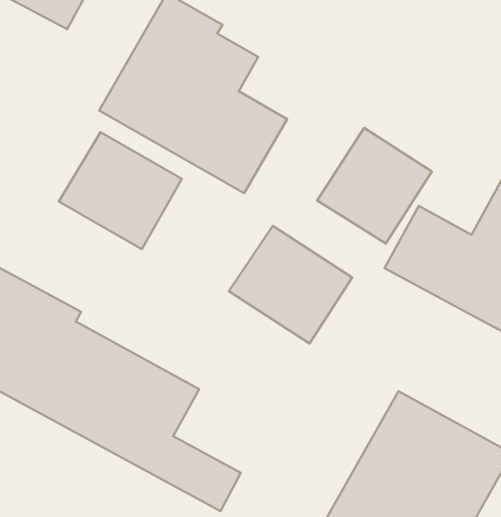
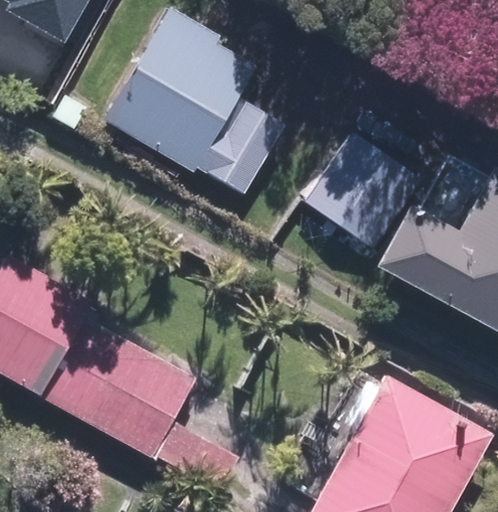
building: [59,132,182,249] -> none
building: [229,226,352,343] -> none

